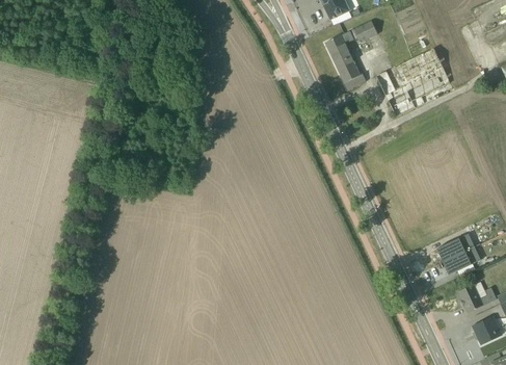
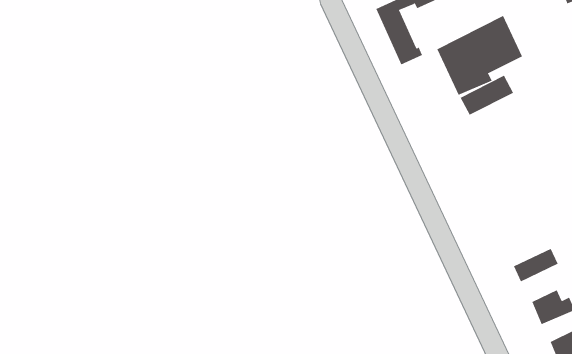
building: none -> [460,75,514,116]
building: [436,232,475,260] -> none

